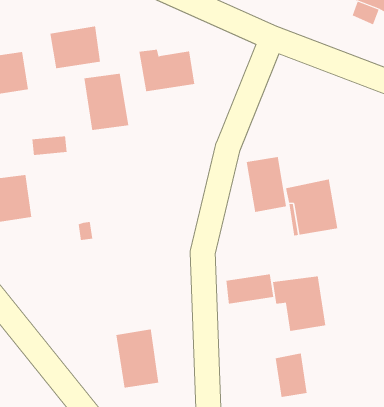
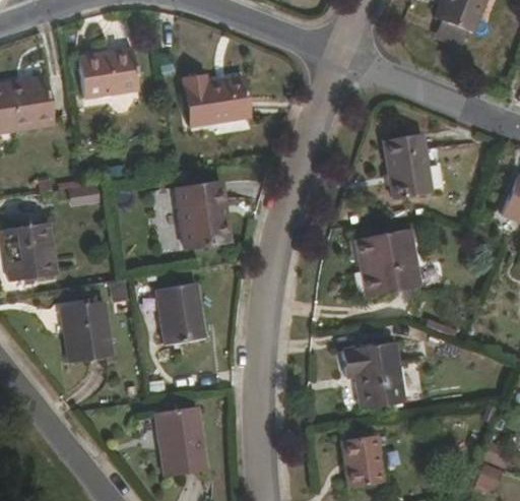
building: [84,73,129,131] -> [176,180,230,248]
building: [246,157,287,212] -> [383,132,432,198]
building: none -> [156,284,204,345]
building: none -> [61,301,112,363]
building: [226,273,274,305] -> none

